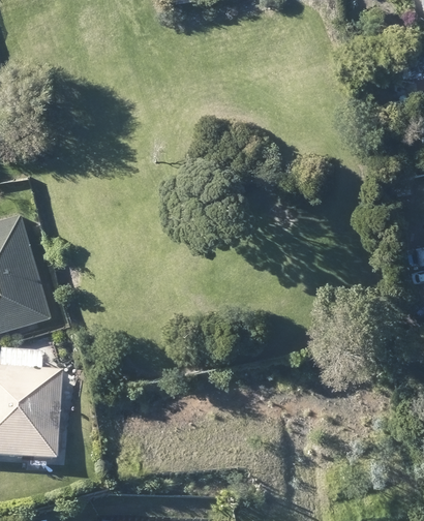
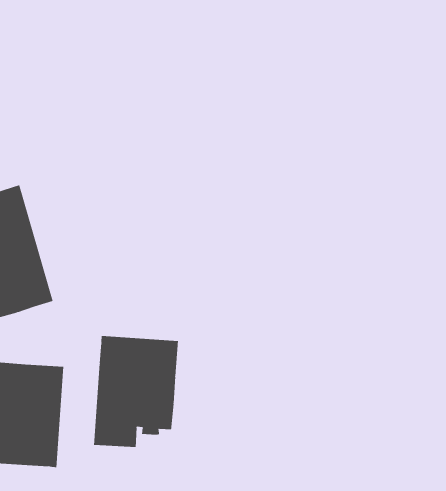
building: none -> [93,335,178,448]

